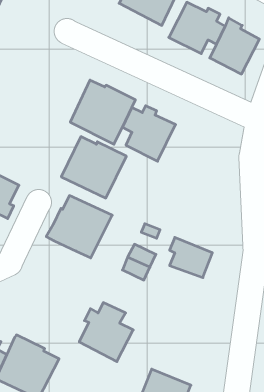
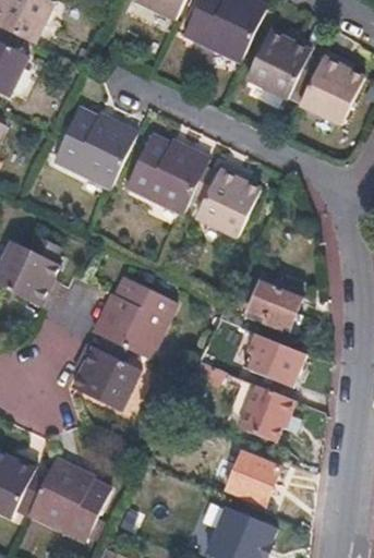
building: [61,137,126,198] -> [50,108,133,186]
building: none -> [251,276,303,327]
building: none -> [242,381,298,439]
building: [79,303,133,362] -> [73,337,142,412]
building: none -> [231,445,281,497]

